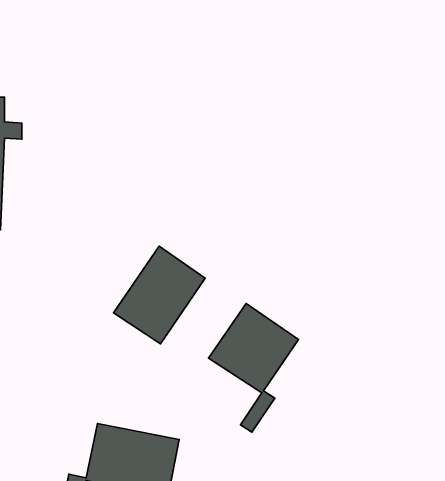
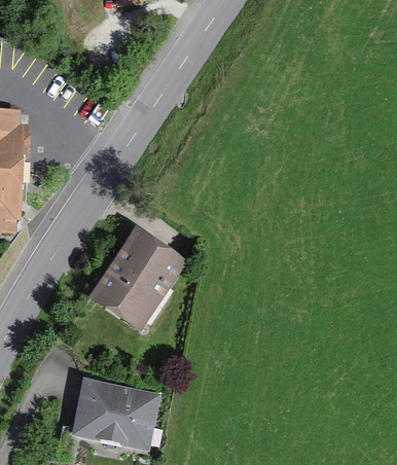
building: [209,304,299,432] -> none

